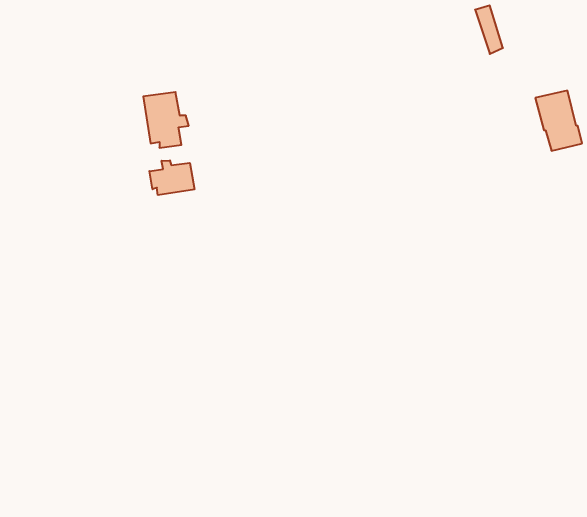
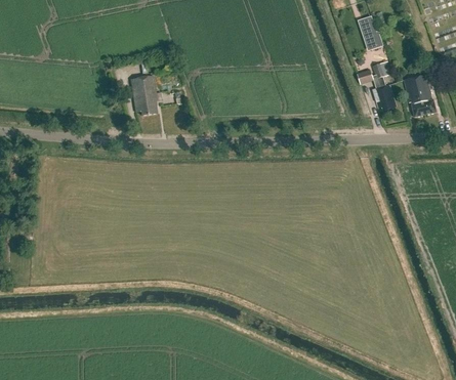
building: none -> [357,61,396,110]
building: [149,160,194,195] -> none

